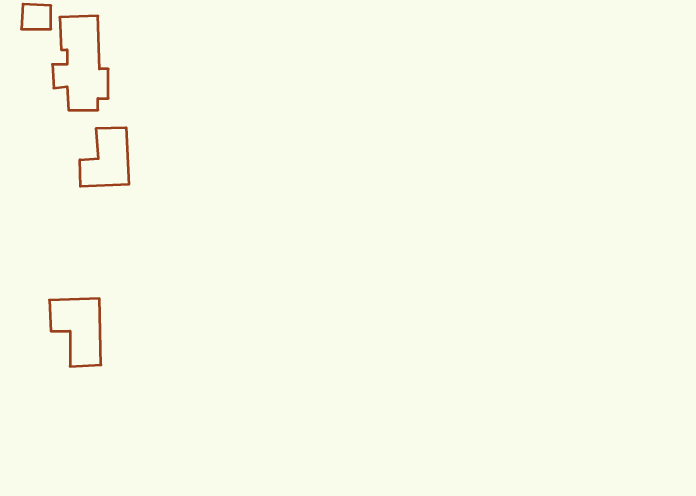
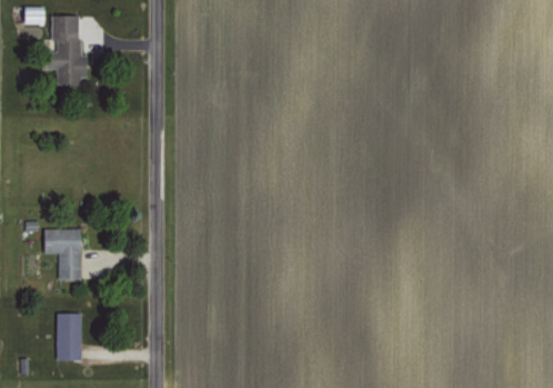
building: [80,128,129,186] -> none
building: none -> [57,314,82,360]

